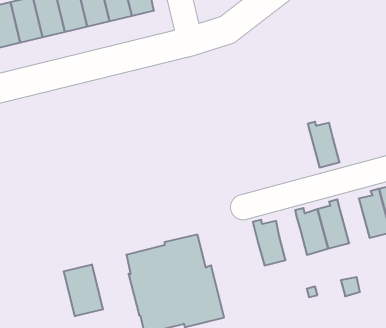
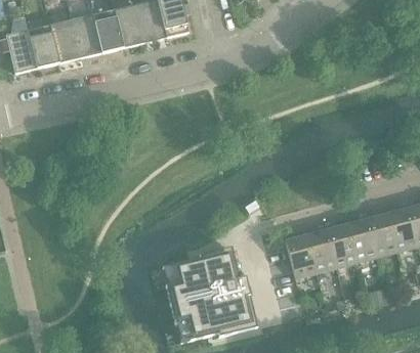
building: [308,122,340,167] -> [365,211,395,255]
building: none -> [305,223,335,271]
building: [64,264,103,316] -> none

